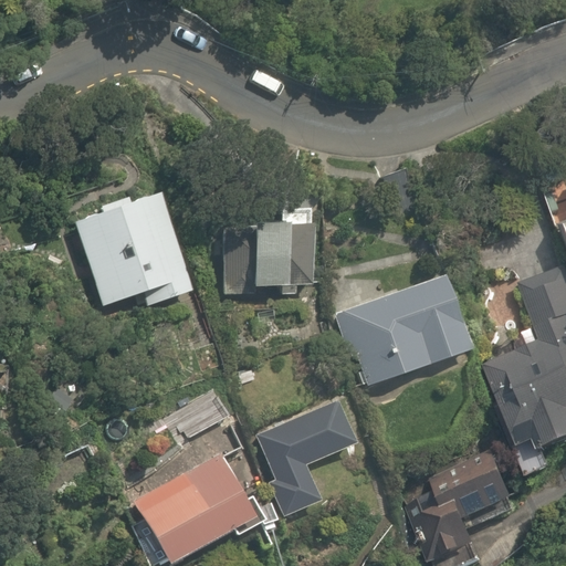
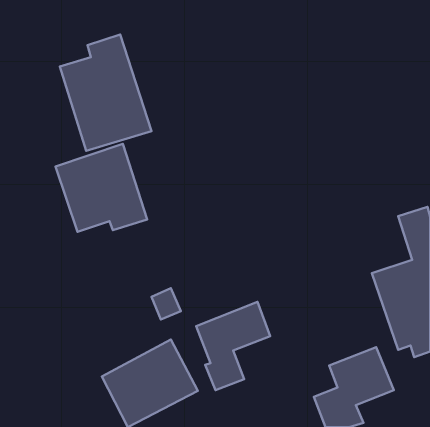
building: none -> [60,34,152,151]
building: [217,206,313,292] -> none
building: [333,277,469,391] -> none

